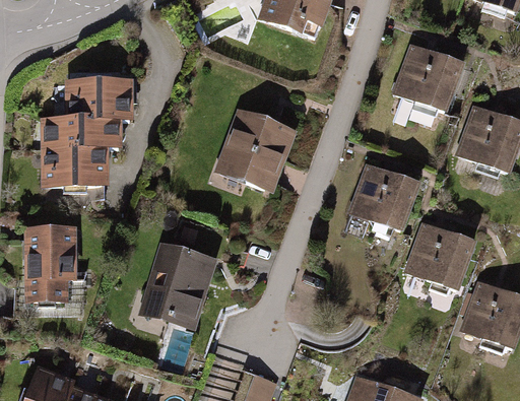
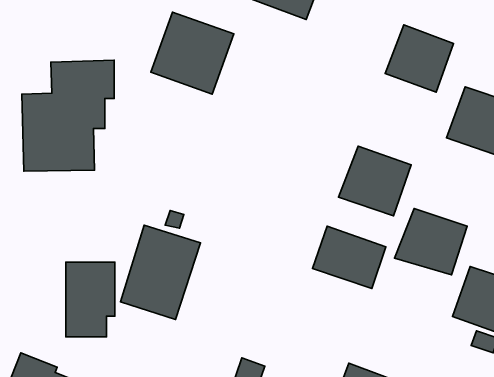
building: [215,111,297,191] -> [151,12,234,94]
building: [25,228,73,302] -> [66,262,115,337]
building: none -> [312,226,386,288]

